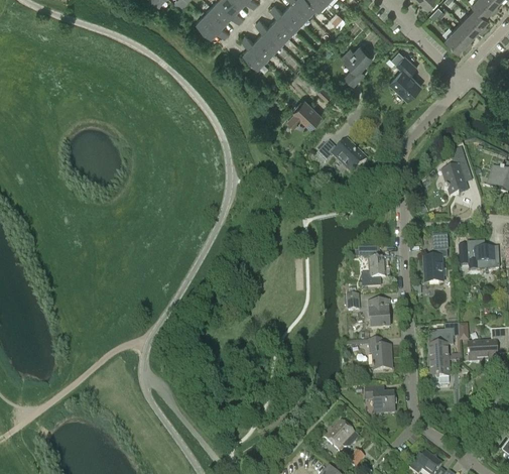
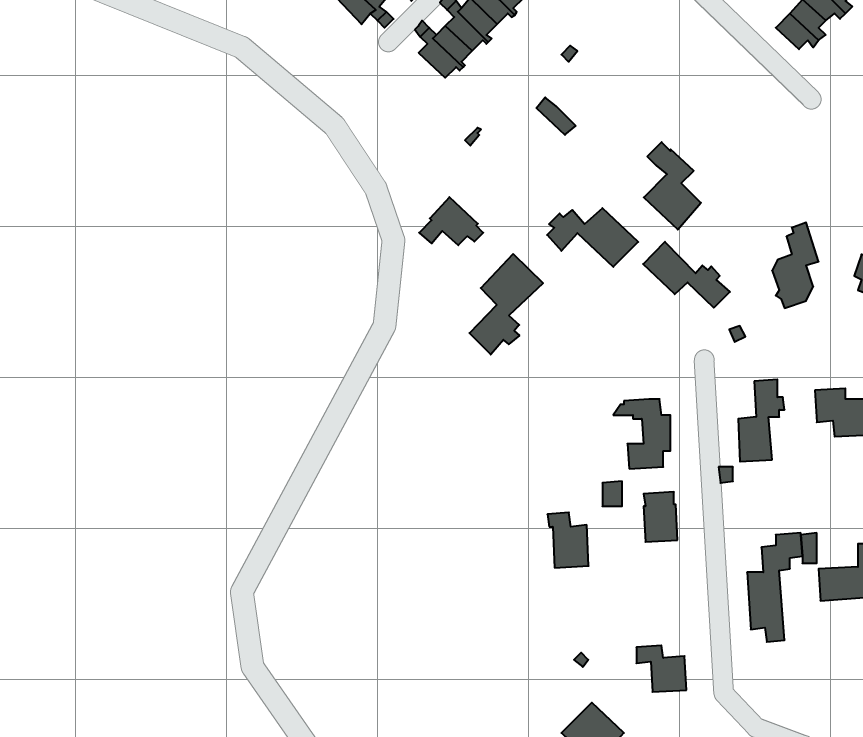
building: [342,46,372,85] -> none
building: [389,51,421,101] -> [644,142,701,230]
building: [288,100,325,127] -> [419,197,483,245]
building: none -> [643,242,730,308]
building: none -> [469,254,543,355]
building: [369,340,392,371] -> [547,512,589,568]

